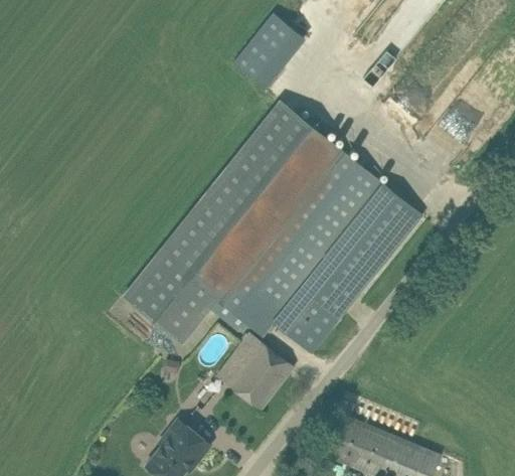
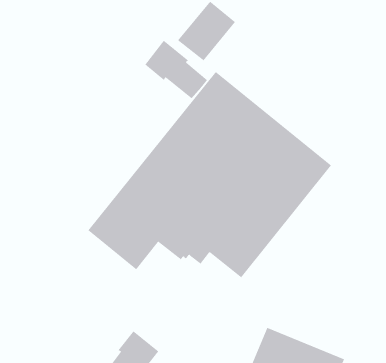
building: none -> [144,40,208,99]
building: [216,333,295,412] -> none

